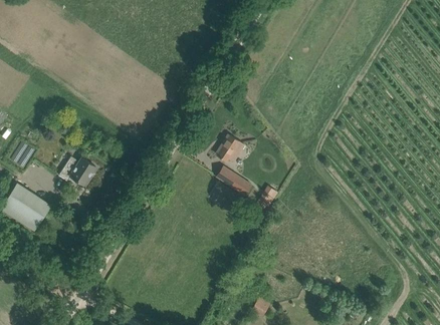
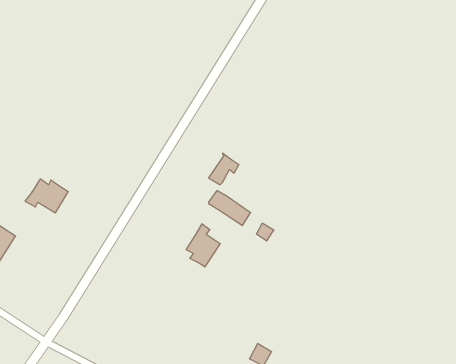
building: none -> [186,224,220,267]

